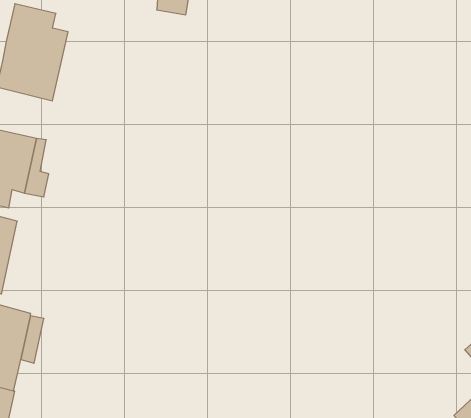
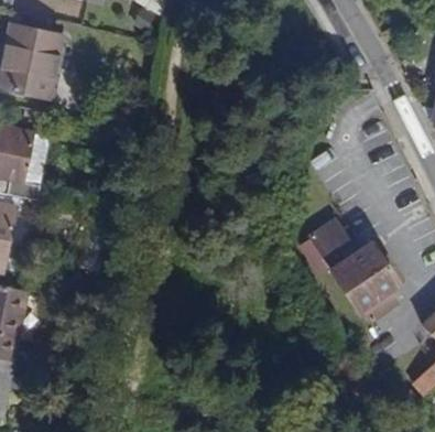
building: none -> [300,218,400,321]

